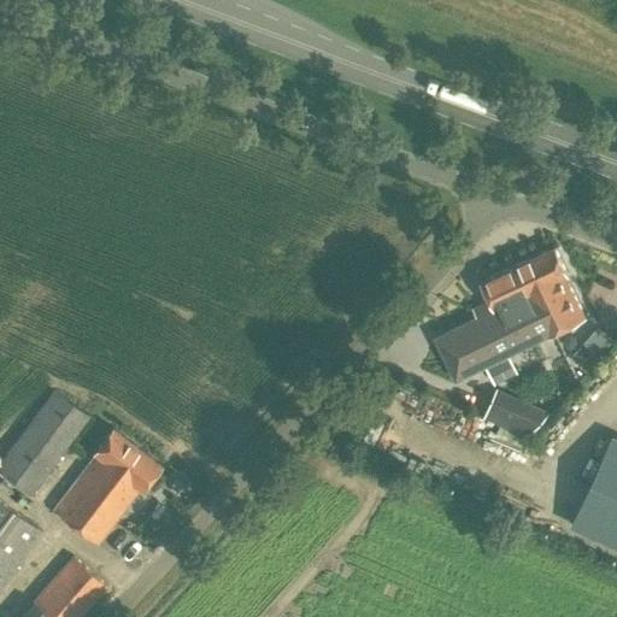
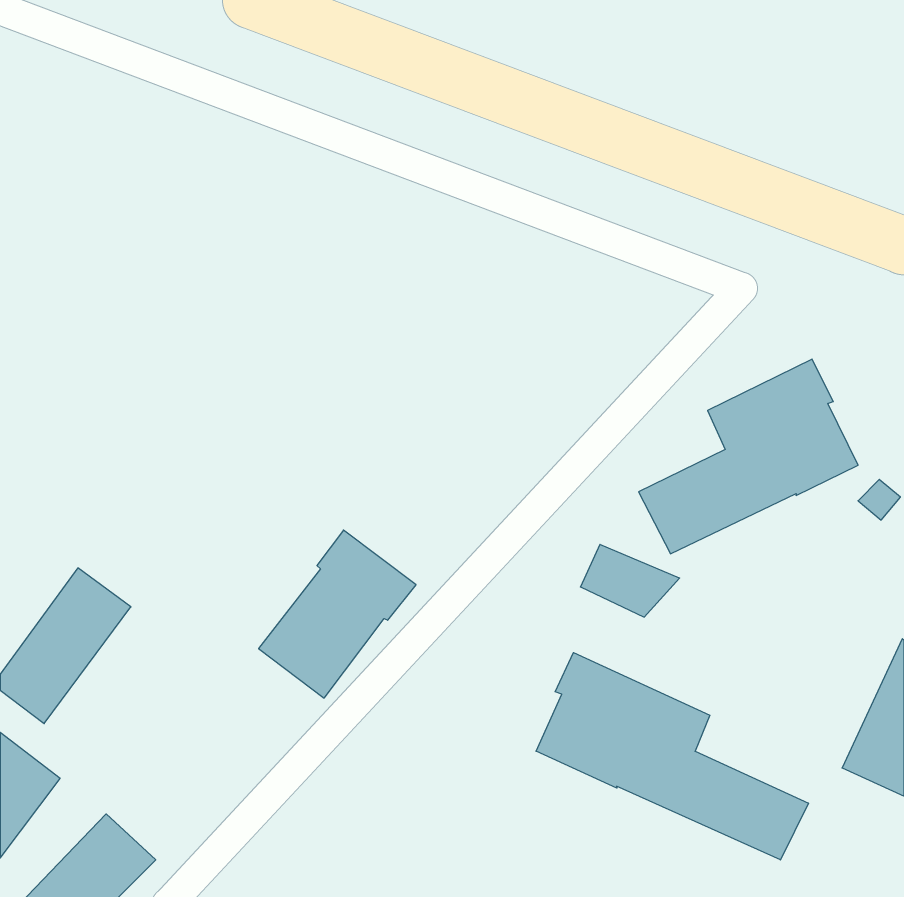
building: [483,392,551,441] -> [580,544,680,617]
building: [53,431,160,546] -> [259,530,416,698]
building: none -> [536,653,808,860]

